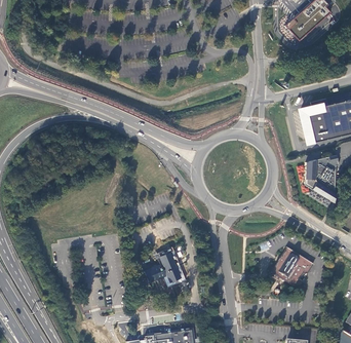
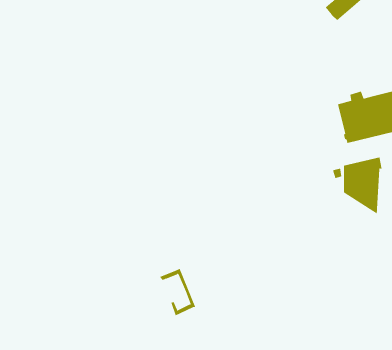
building: [271,247,314,290] -> none
building: [143,254,178,283] -> none

